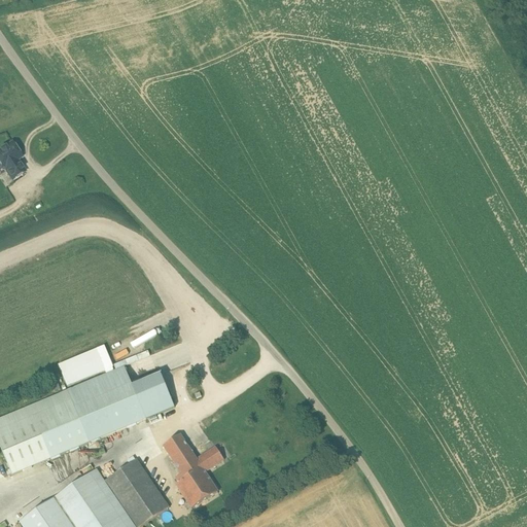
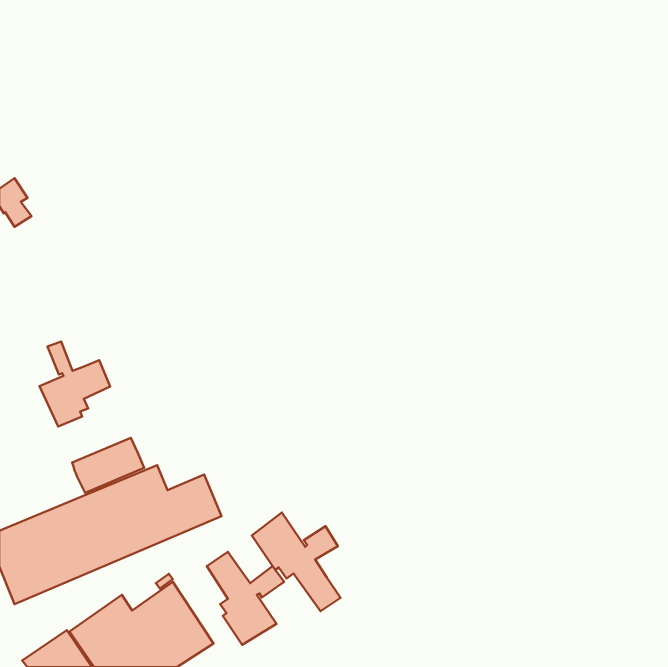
building: none -> [40,342,110,427]
building: none -> [252,512,340,611]

